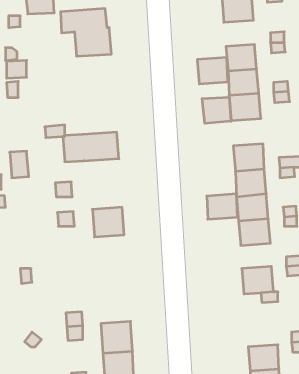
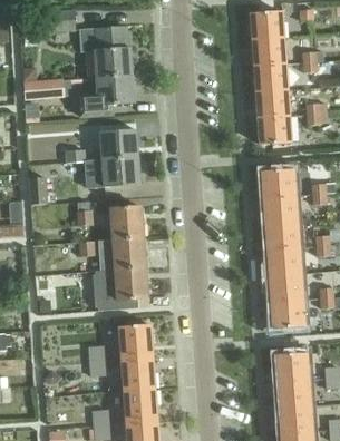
building: none -> [75,73,135,117]
building: [197,57,228,84] -> [251,38,283,66]
building: [202,97,231,123] -> none
building: none -> [100,128,138,158]
building: none -> [110,204,144,237]
building: [207,194,237,219] -> [269,273,301,300]
building: none -> [90,264,148,310]
building: none -> [119,323,153,357]
building: none -> [274,352,308,382]

